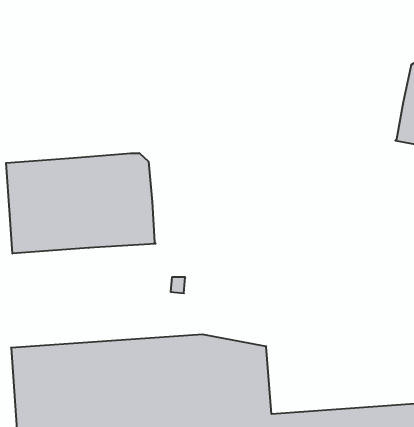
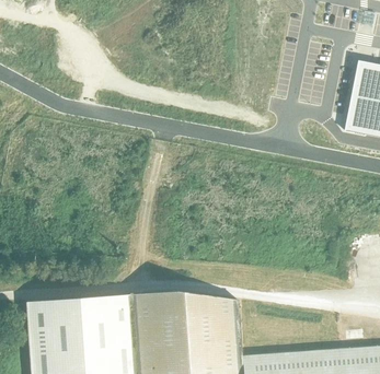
building: [6,153,156,254] -> none

